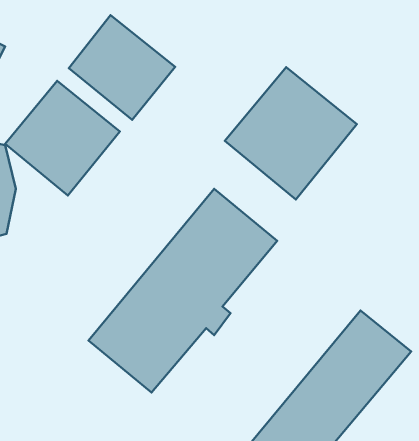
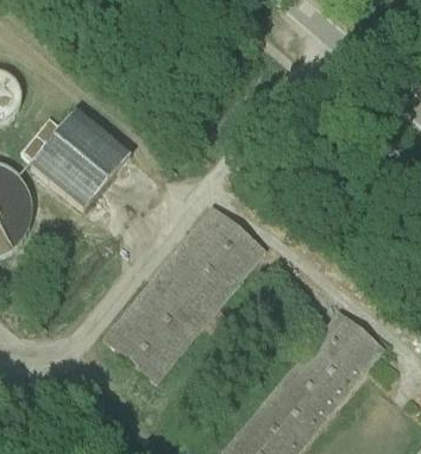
building: [69,15,175,120] -> none
building: [225,67,357,200] -> none

